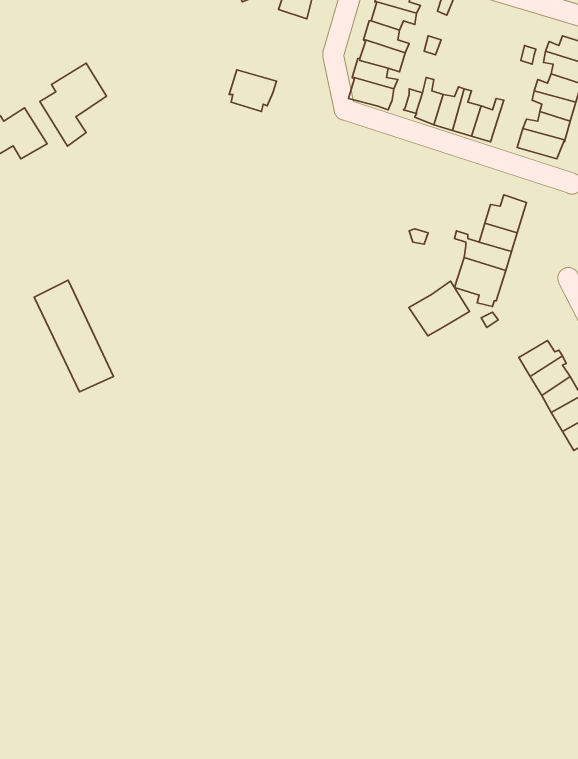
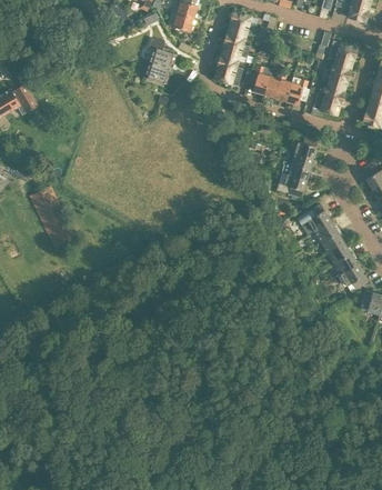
building: none -> [149,38,177,69]
building: [40,63,106,146] -> none
building: [409,281,469,336] -> [295,203,331,236]

